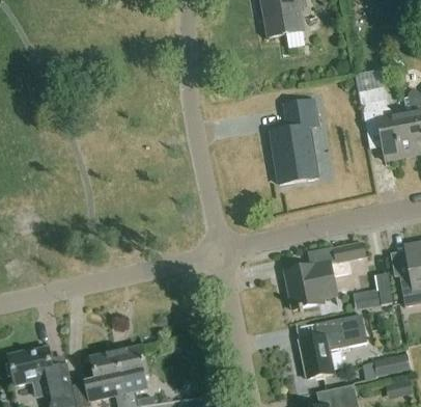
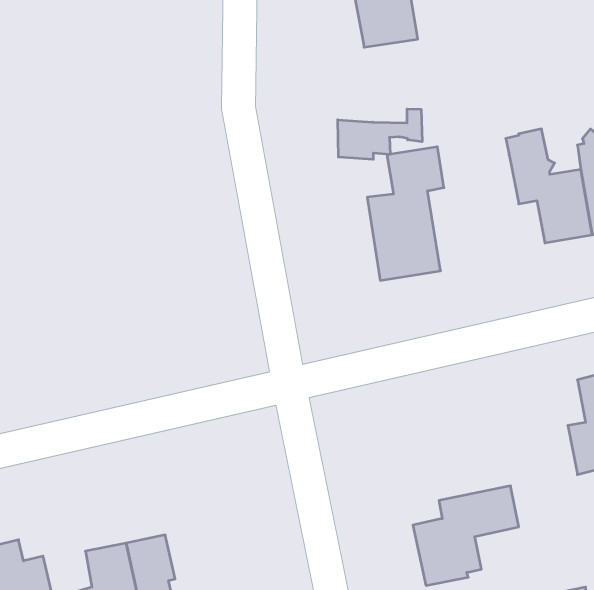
building: none -> [338,109,422,159]
building: [284,242,365,309] -> none
building: [353,273,393,309] -> none
building: [373,352,411,376] -> none

